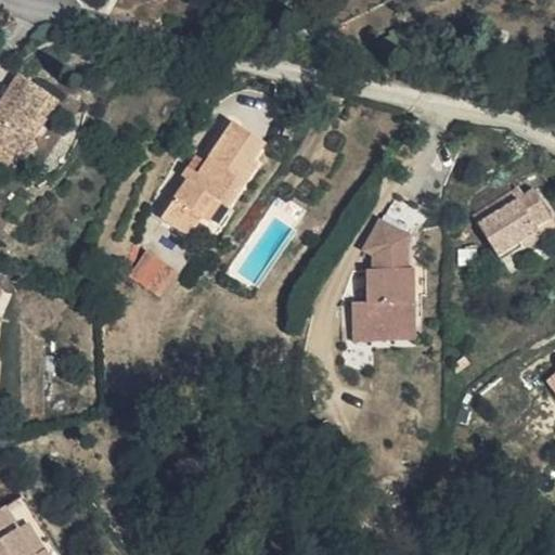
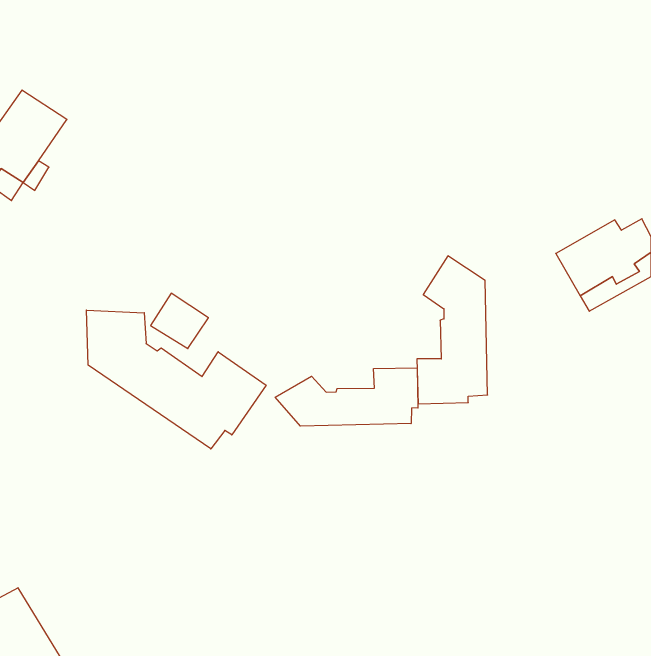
building: [160,118,266,236] -> none
building: none -> [86,310,266,449]
building: none -> [275,368,418,426]

